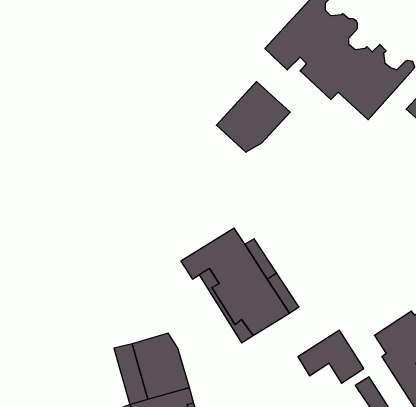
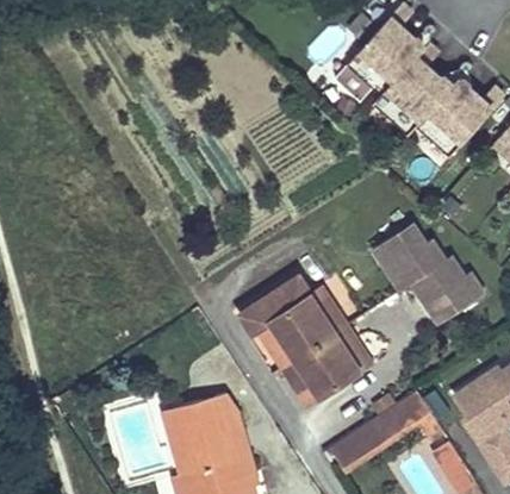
building: [216,82,290,152] -> none
building: none -> [373,224,485,326]
building: none -> [328,420,384,469]

